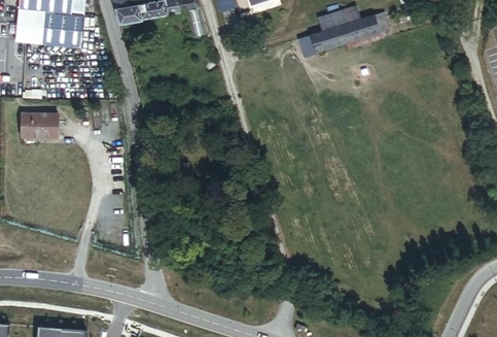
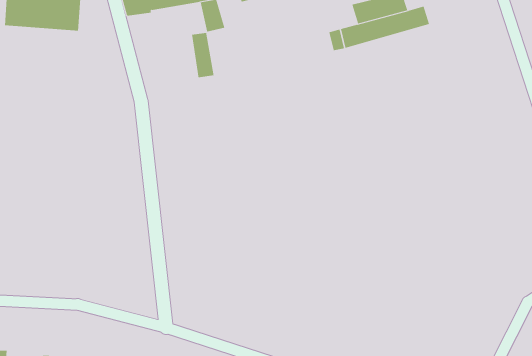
building: none -> [191,32,214,78]
building: [17,110,56,134] -> none

